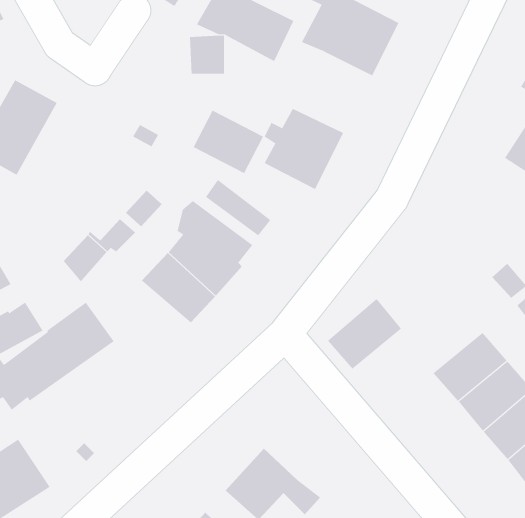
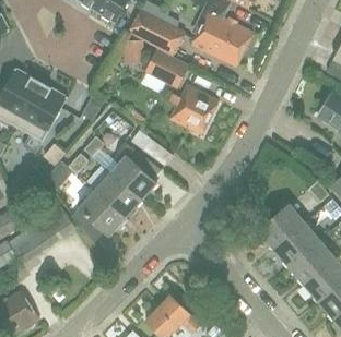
building: none -> [16,82,68,142]
building: [193,110,264,174] -> [145,49,189,88]
building: none -> [72,191,124,243]
building: [327,298,402,369] -> [257,204,303,248]

